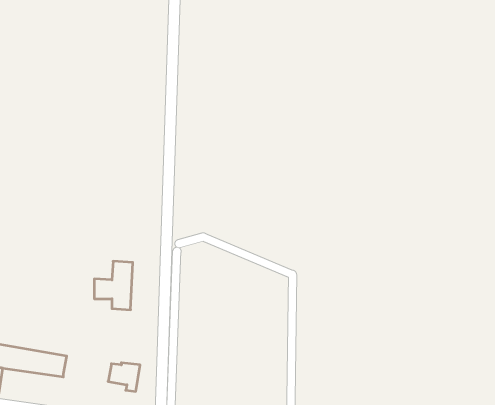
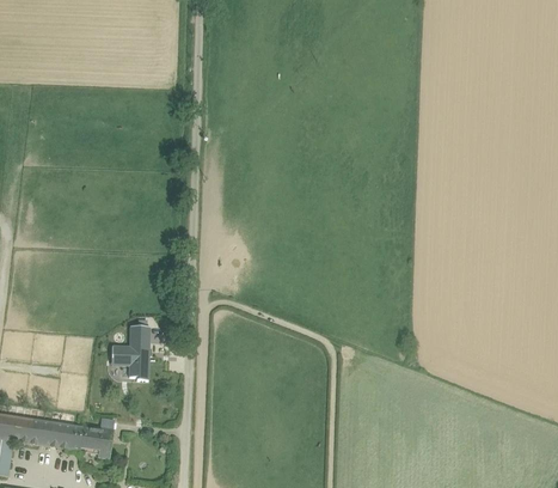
building: [108,363,140,391] -> [78,427,112,458]

